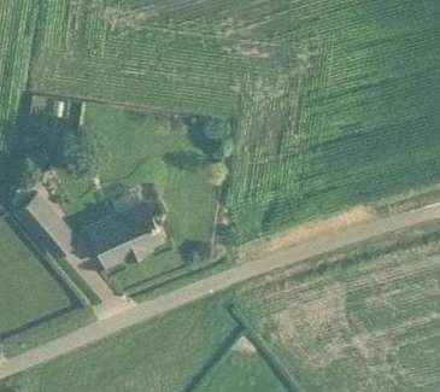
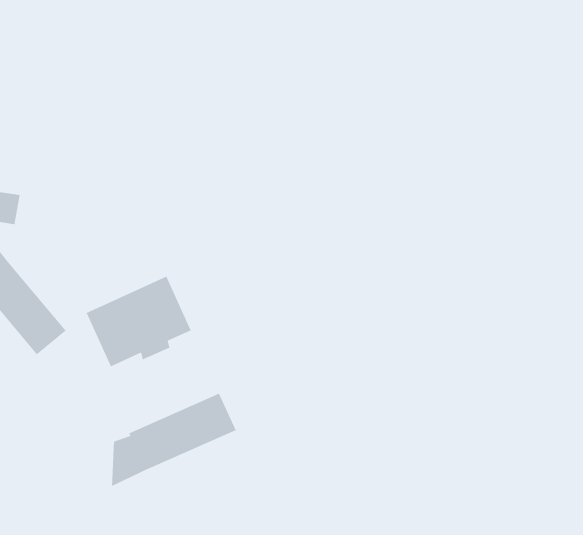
building: none -> [111,393,236,487]

